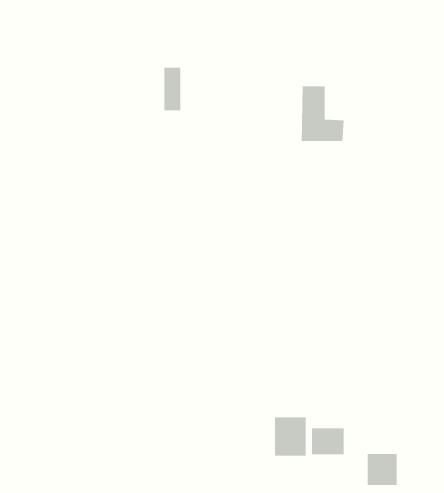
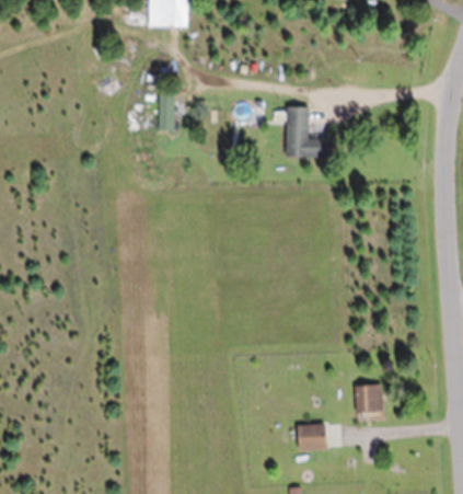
building: [275,416,306,456] -> none
building: [367,454,397,486] -> [356,383,384,413]

